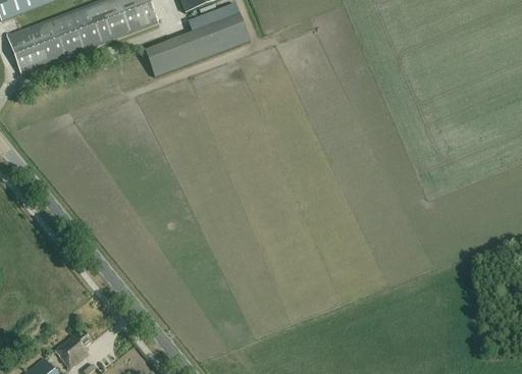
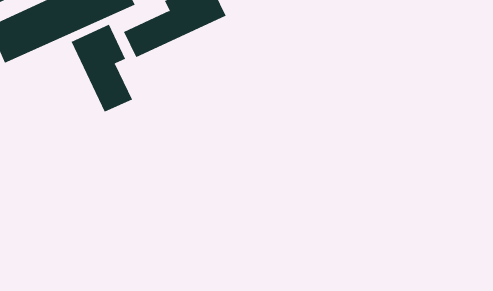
building: none -> [71,24,133,113]

